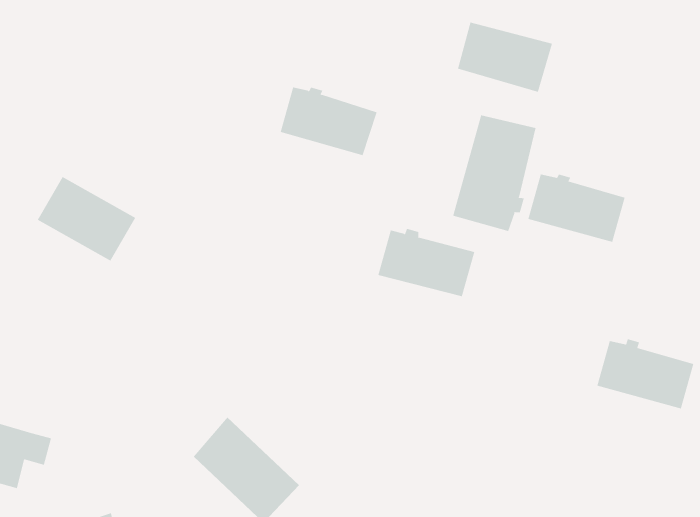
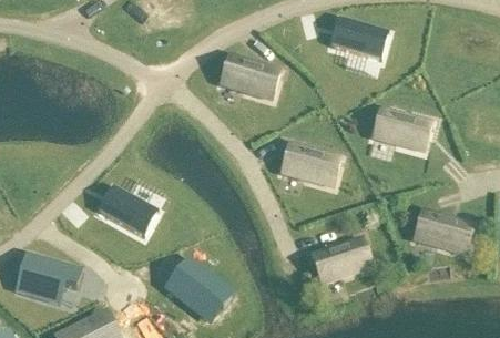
building: [453,115,536,232] -> none
building: [37,176,136,261] -> [96,184,157,236]
building: none -> [310,238,370,281]

